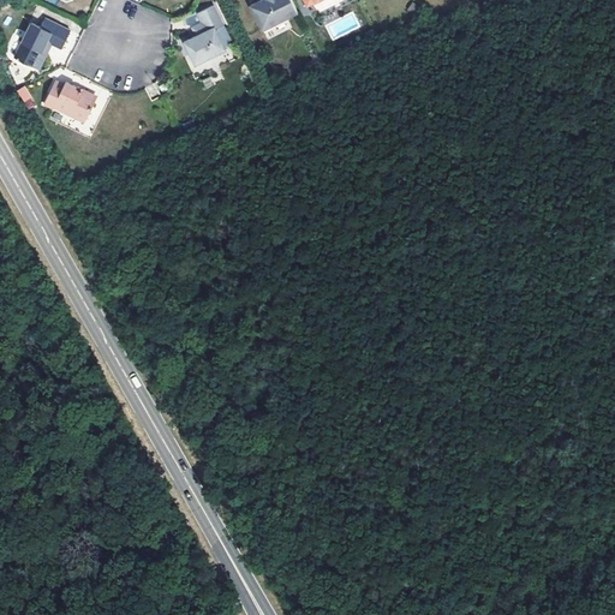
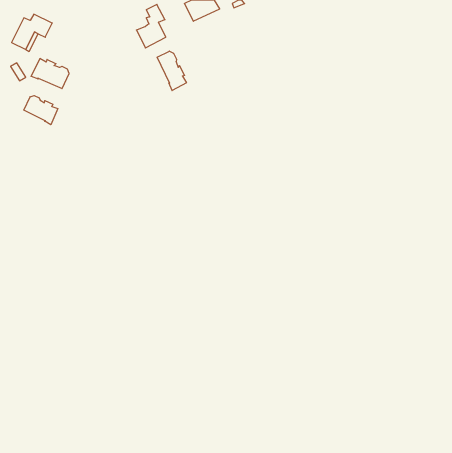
building: none -> [157,51,186,91]
building: none -> [24,96,58,125]

